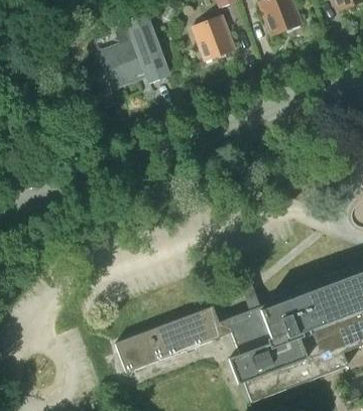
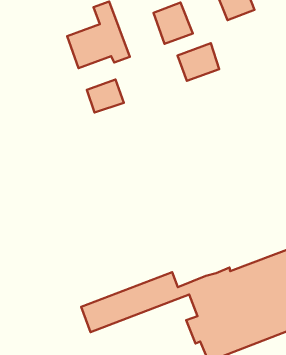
building: none -> [177,43,219,81]
building: none -> [87,79,124,113]

